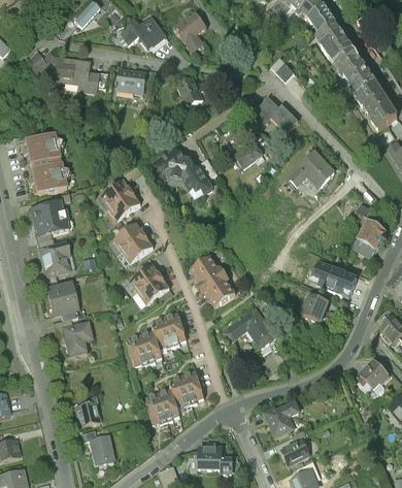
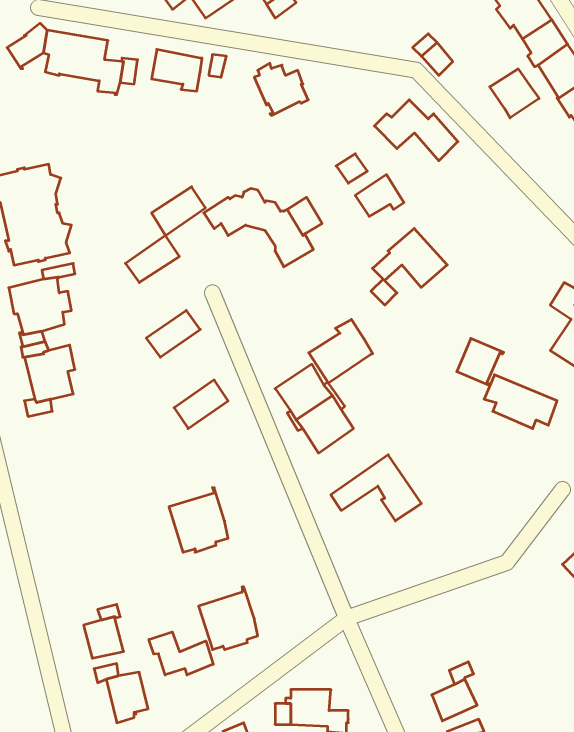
building: none -> [490,69,539,118]
building: [290,153,334,188] -> [372,228,447,287]
building: [108,190,140,219] -> [152,187,205,236]
building: none -> [309,319,373,383]
building: [121,233,153,262] -> none
building: [137,275,169,304] -> none
building: [49,285,76,316] -> none
building: [301,292,329,320] -> [457,338,504,385]
building: [150,313,186,348] -> none
building: [57,321,91,357] -> none
building: [168,370,203,404] -> none
building: [264,402,298,435] -> none
building: none -> [149,632,213,675]

